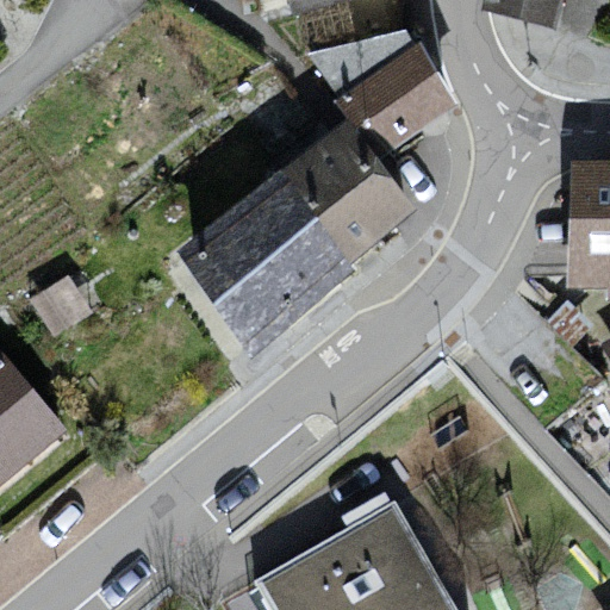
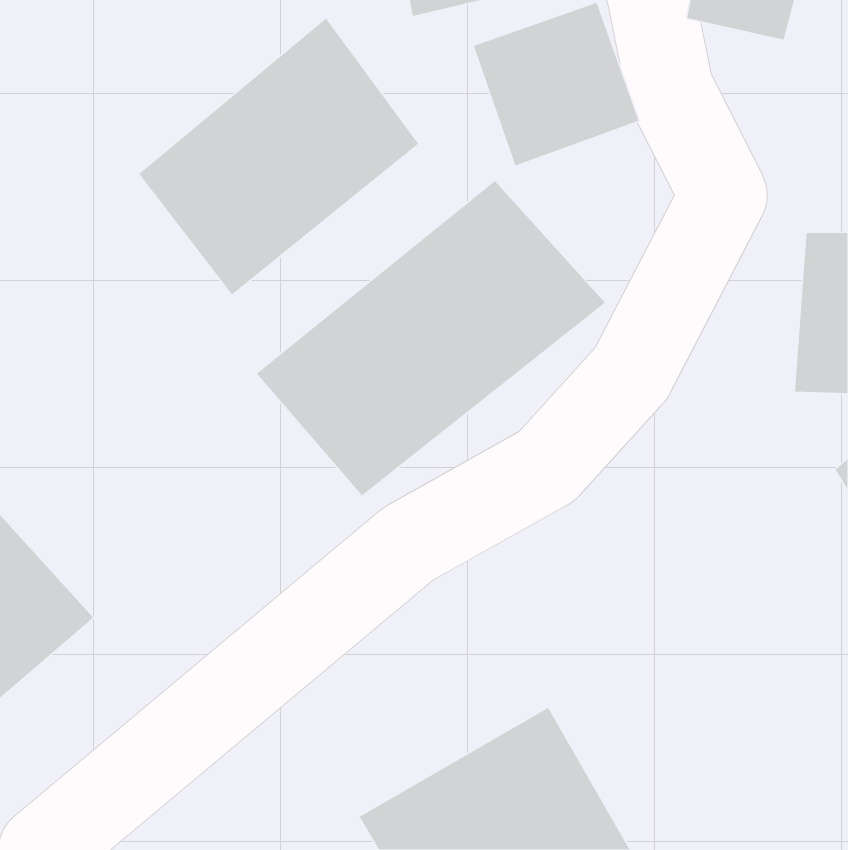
building: none -> [138,18,419,296]

